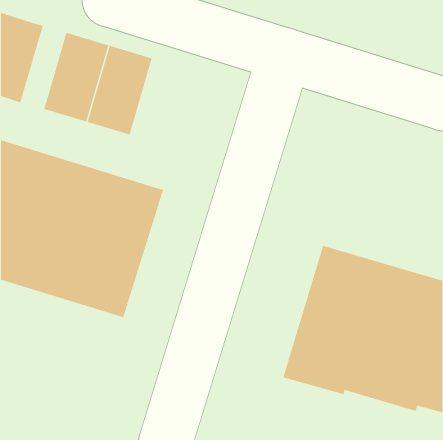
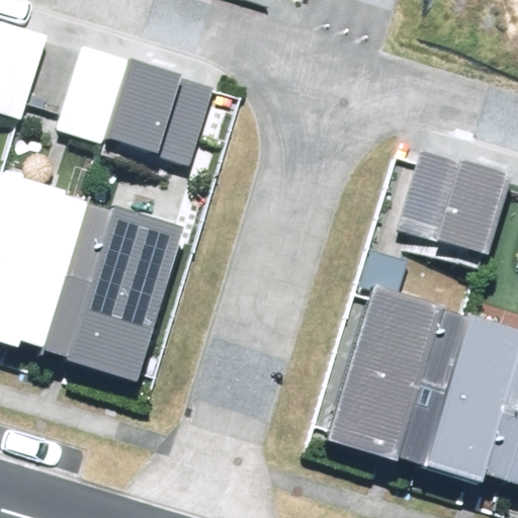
building: none -> [392,157,504,263]

